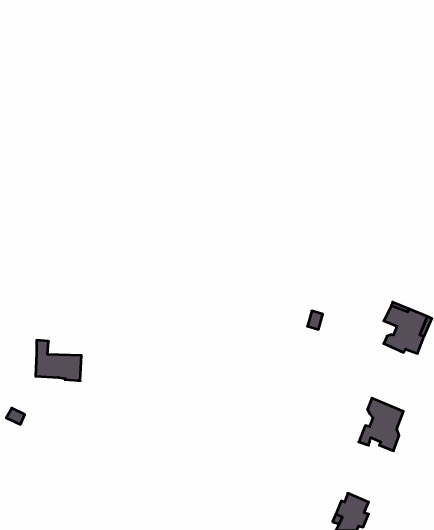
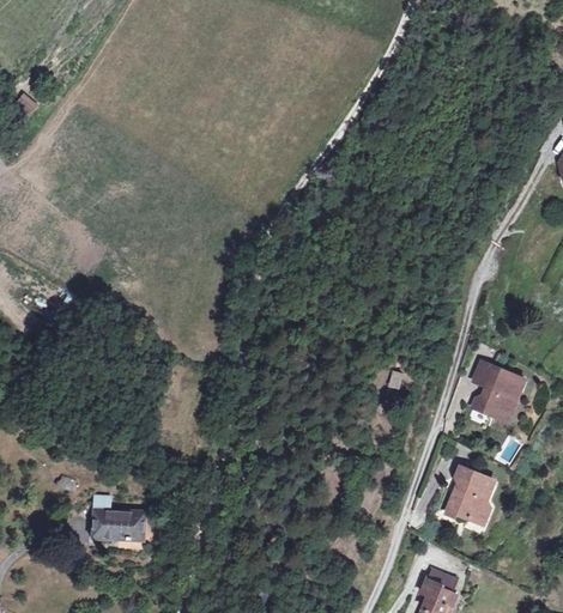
building: [36,340,81,381] -> [92,494,143,539]

